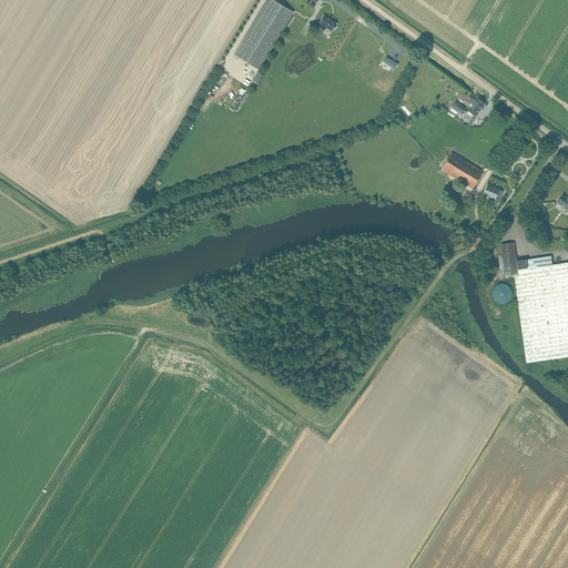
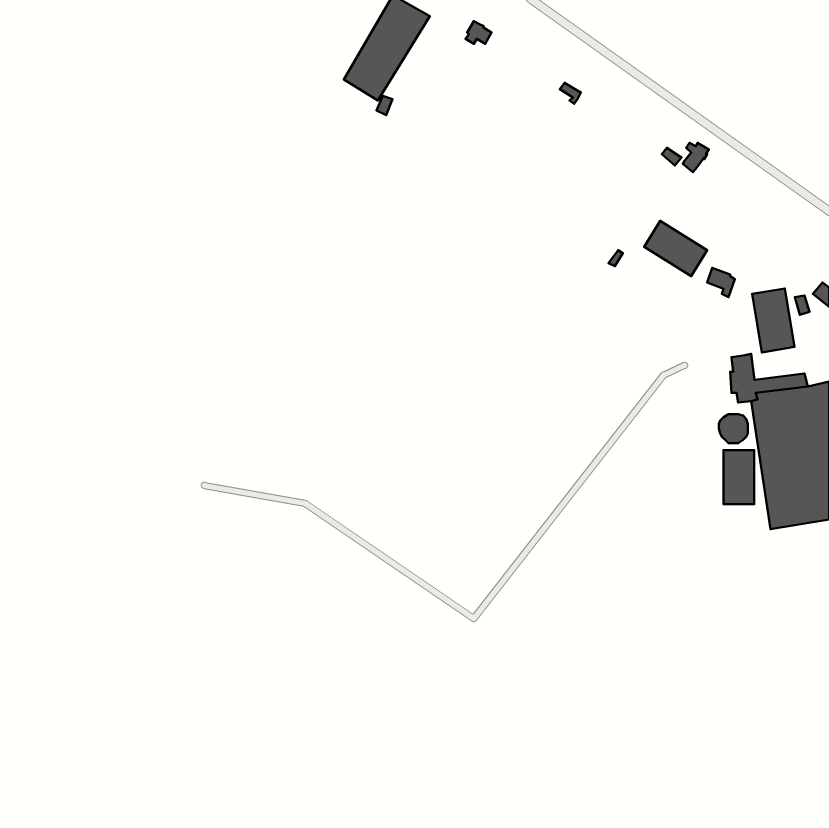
building: none -> [752,288,795,352]
building: none -> [723,450,754,504]

